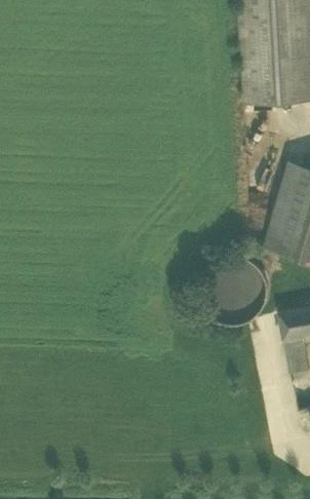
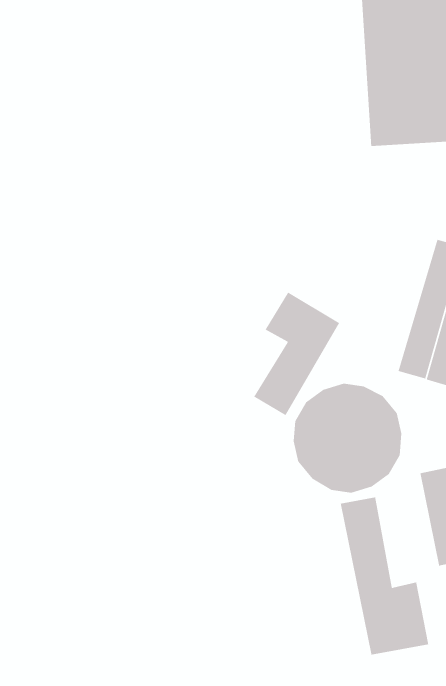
building: none -> [253,291,340,416]
building: none -> [340,496,429,656]

